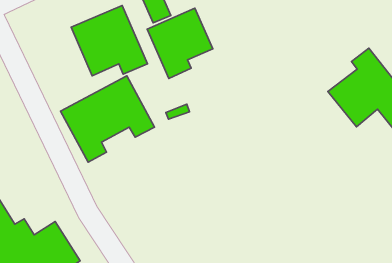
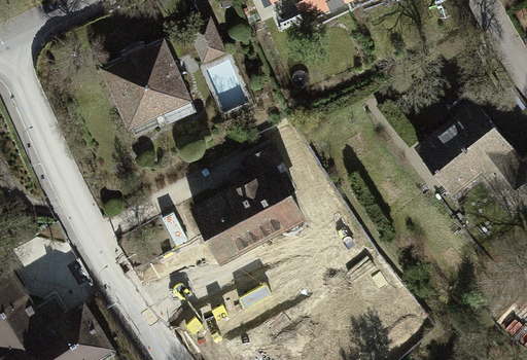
building: [147,8,213,78] -> none
building: [60,76,154,162] -> [190,169,306,275]

